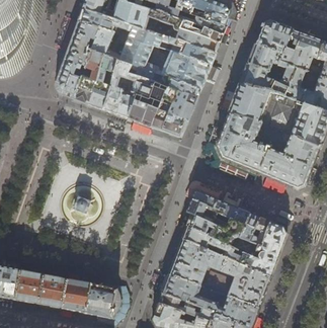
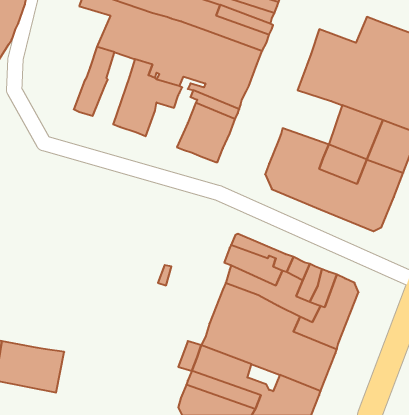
building: [54,19,100,96] -> none
building: [256,19,292,47] -> none
building: [87,54,118,107] -> none
building: [229,82,273,122] -> none
building: [127,97,158,125] -> none
building: [60,277,118,317] -> none

